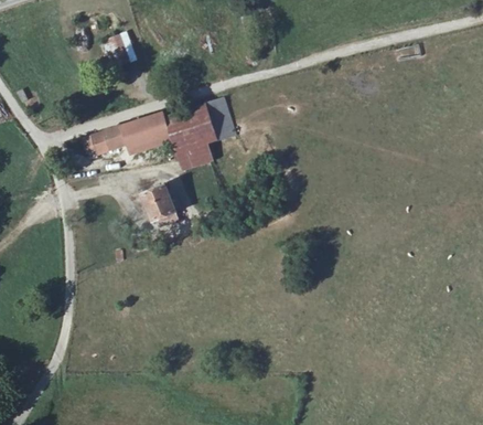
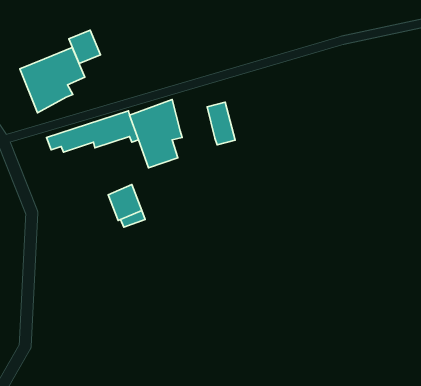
building: none -> [20,48,85,113]
building: [205,97,233,139] -> [207,102,235,145]

